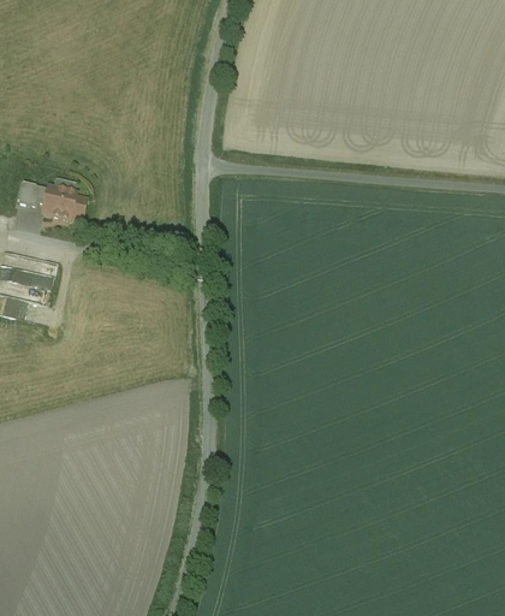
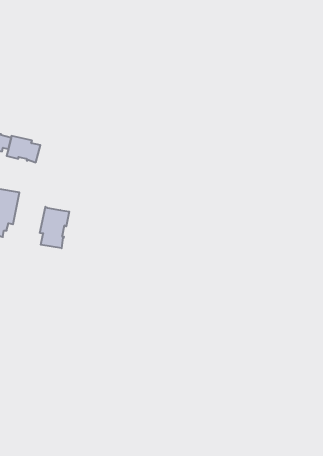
building: none -> [40,207,69,248]

